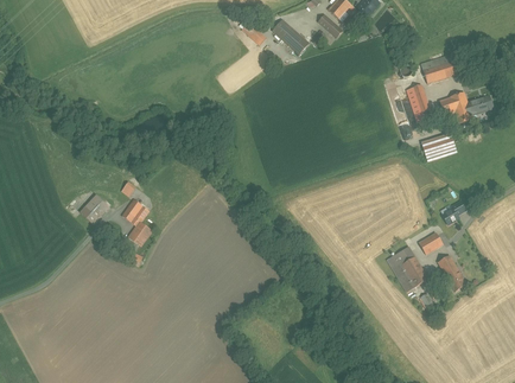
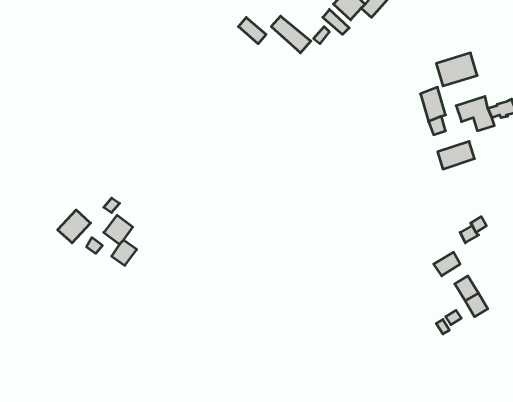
building: [386,245,427,292] -> none

